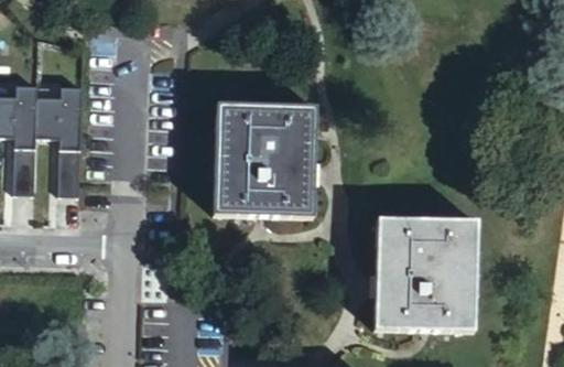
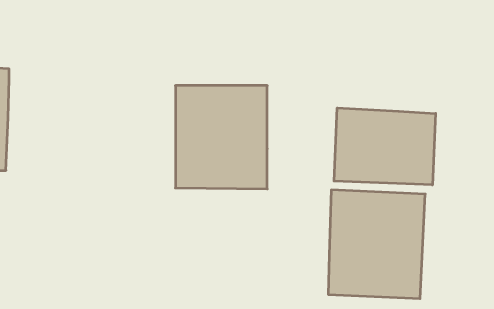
building: [35,87,82,196] -> none
building: none -> [334,108,436,185]

